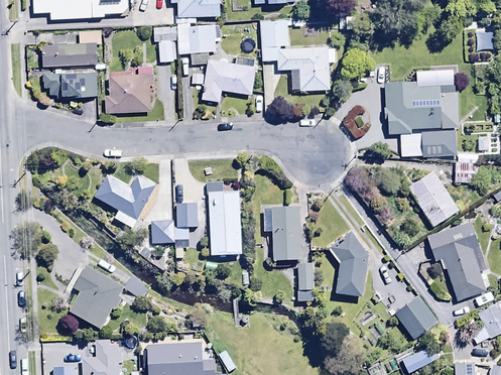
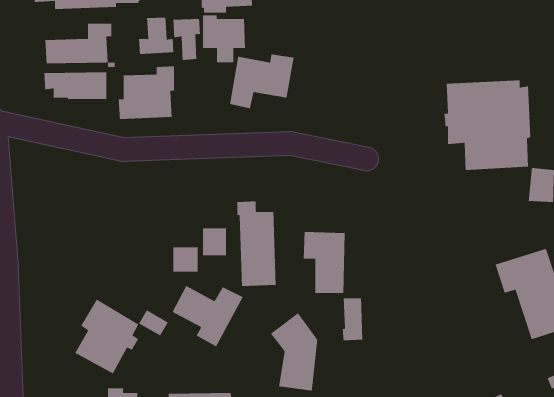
building: [260,18,335,91] -> none
building: none -> [138,17,174,55]
building: [408,169,459,227] -> none
building: [95,174,156,228] -> [172,285,244,348]
building: [327,231,368,298] -> [270,312,318,392]
building: [393,294,437,339] -> none

